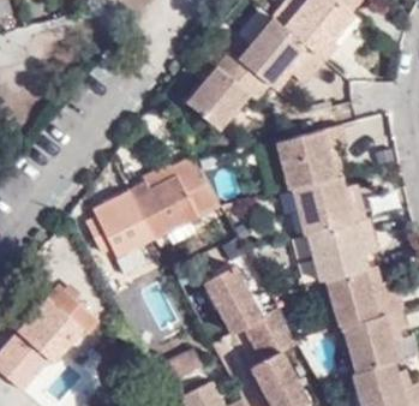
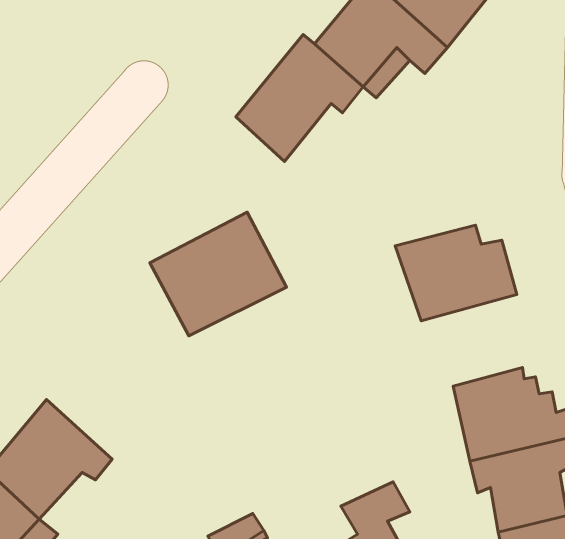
building: [271,121,343,184] -> none
building: [90,195,155,275] -> none
building: [304,215,376,275] -> none
building: [204,274,286,351] -> none

